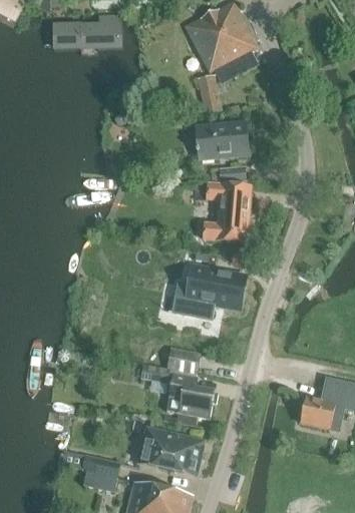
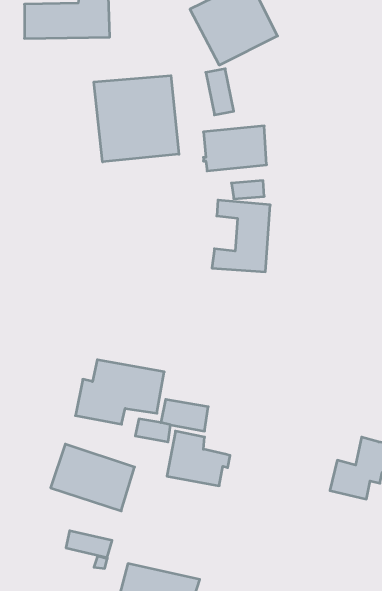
building: none -> [94,76,179,162]
building: [173,266,247,319] -> [75,360,164,424]
building: [134,427,204,482] -> [51,444,135,511]

